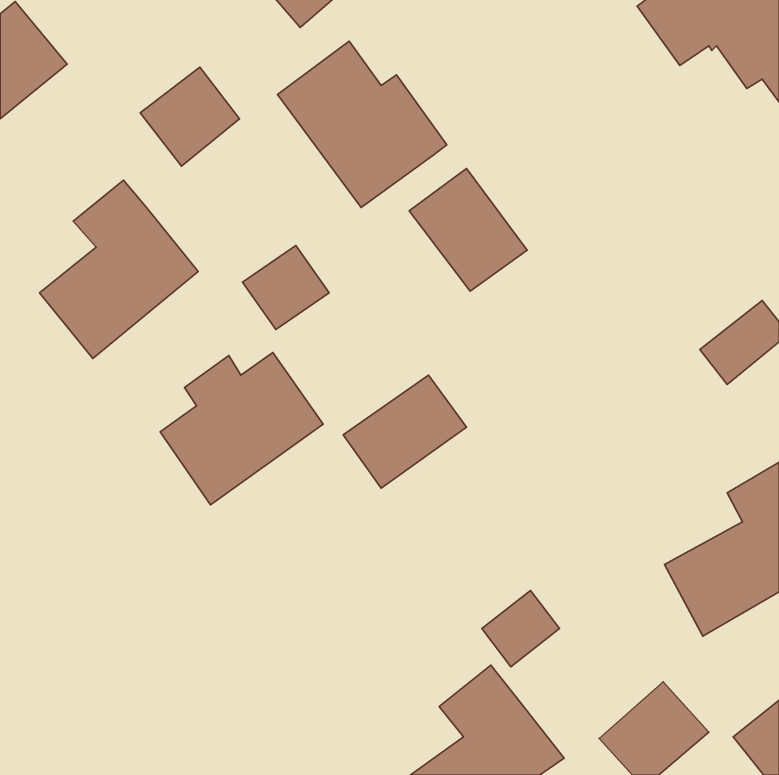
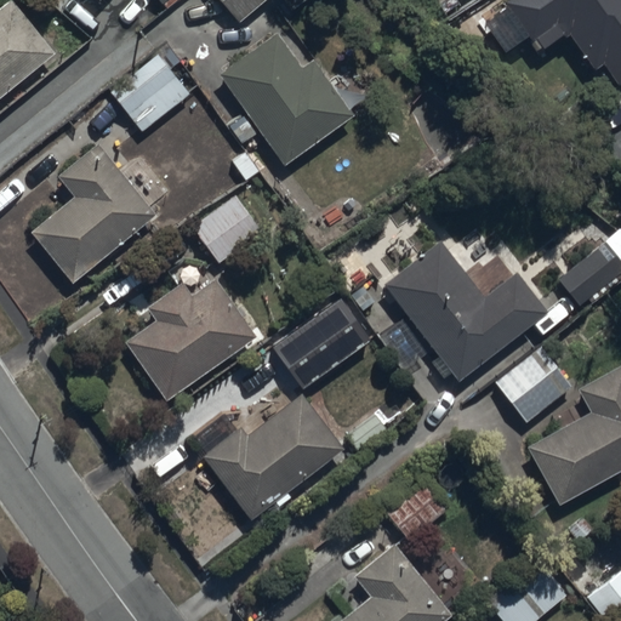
building: [409,168,527,291] -> none
building: none -> [383,241,549,383]
building: none -> [495,348,571,422]
building: none -> [203,394,347,522]

